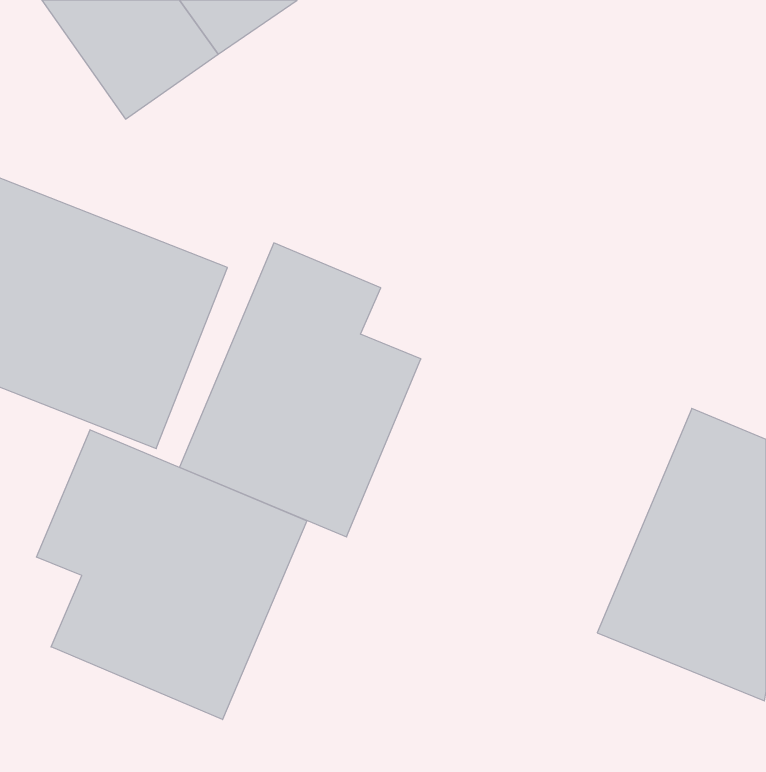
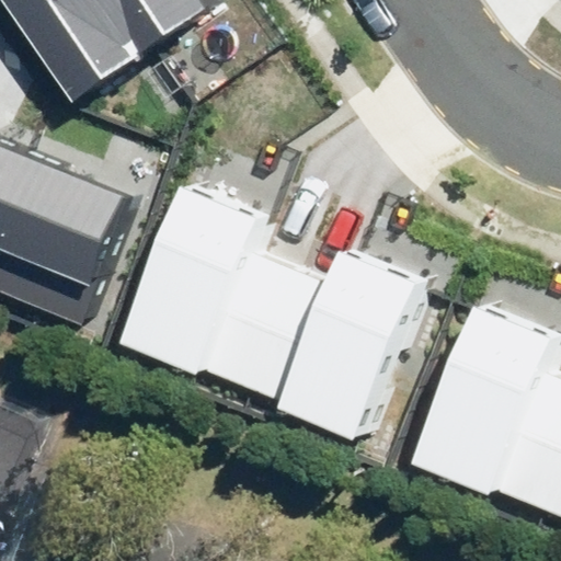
building: none -> [245,250,430,442]
building: [36,430,307,720] -> none

